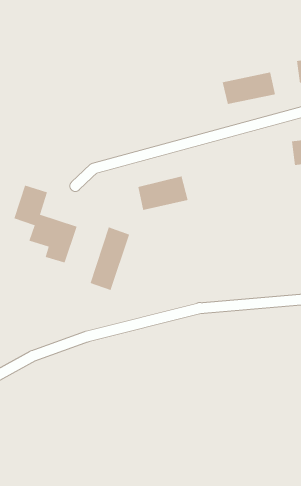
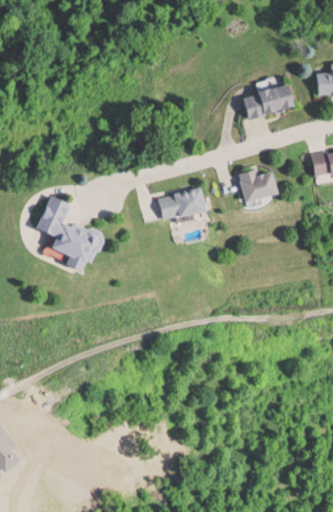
building: none -> [240,169,280,202]
building: [90,226,130,291] -> none

